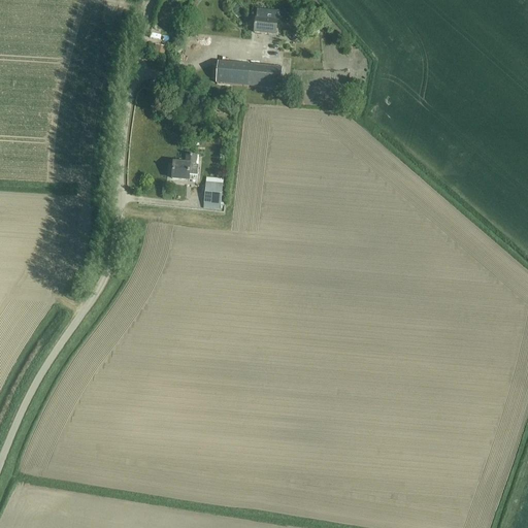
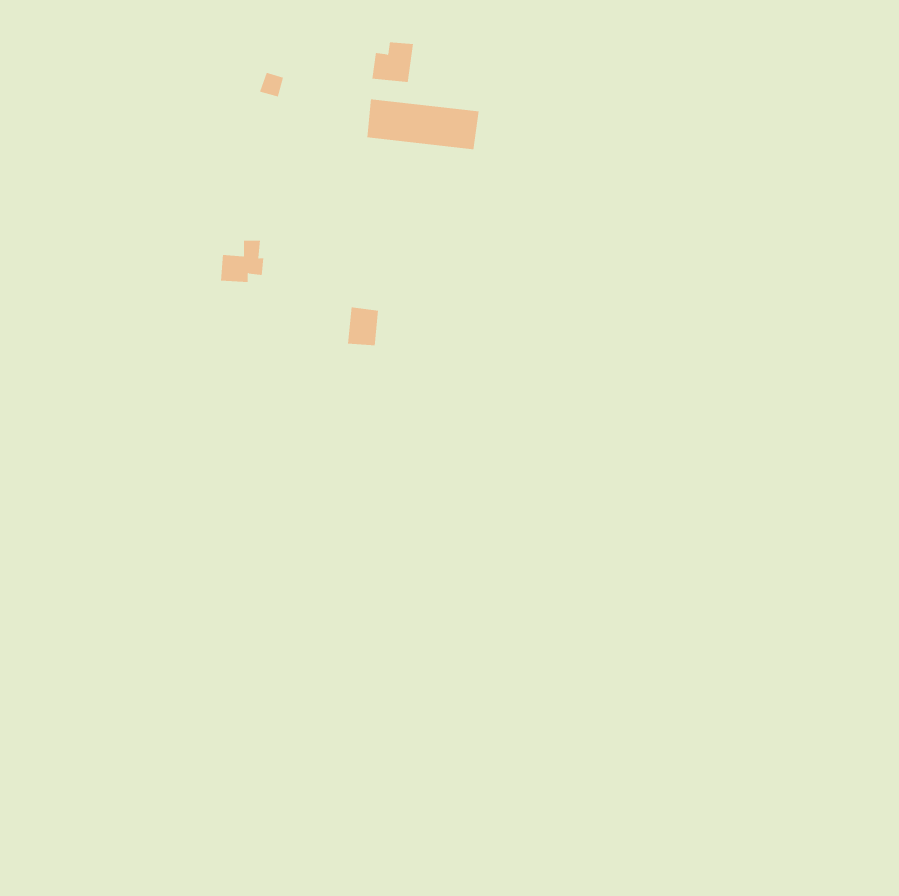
building: [253,7,277,31] -> [372,42,414,82]
building: [171,153,197,177] -> [220,240,264,283]

